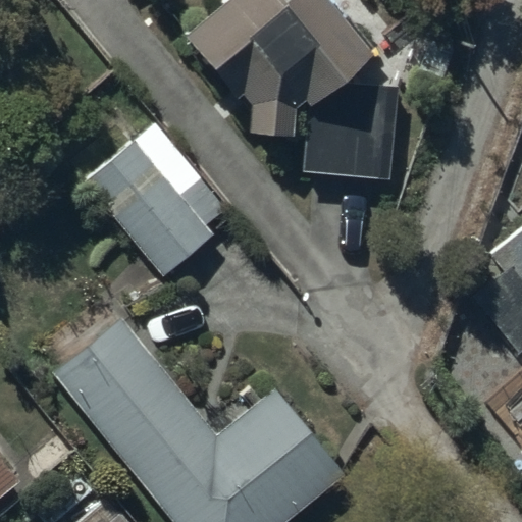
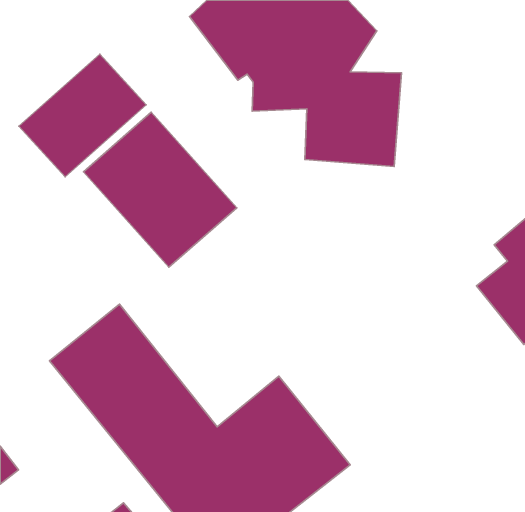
building: none -> [19,54,146,177]

